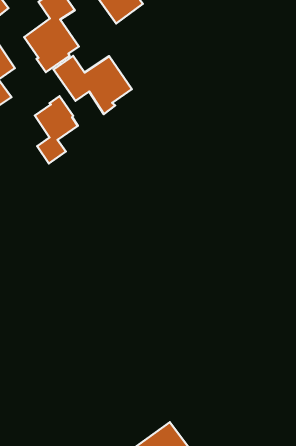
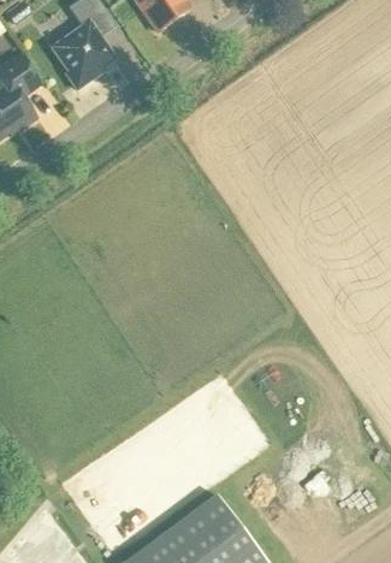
building: [54,56,132,114] -> none
building: [35,96,78,163] -> none

